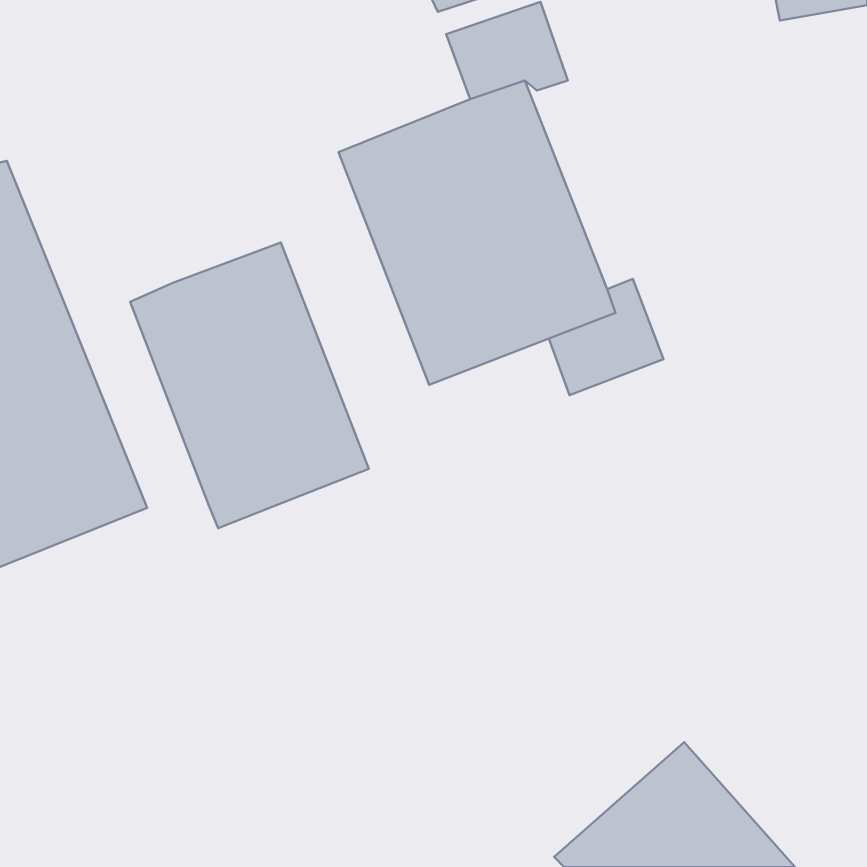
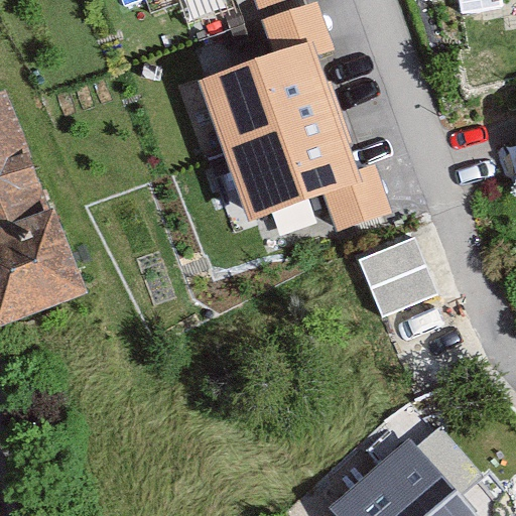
building: [130,242,369,528] -> none
building: none -> [355,235,431,312]

